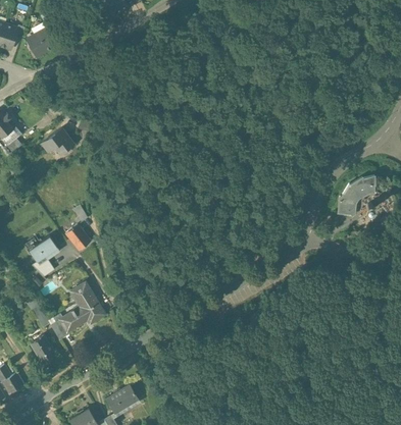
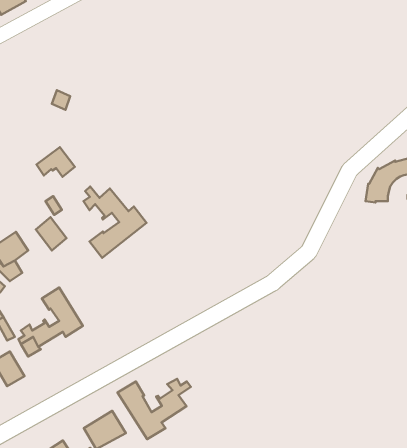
building: [42,129,73,154] -> [37,147,75,177]
building: none -> [83,186,146,258]
building: none -> [117,379,191,439]

